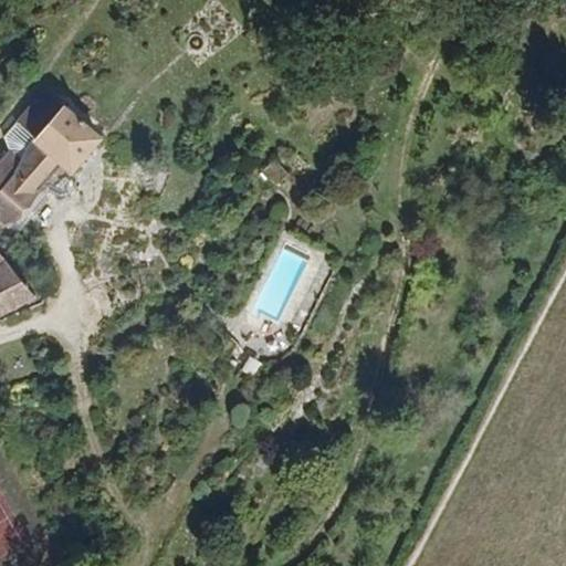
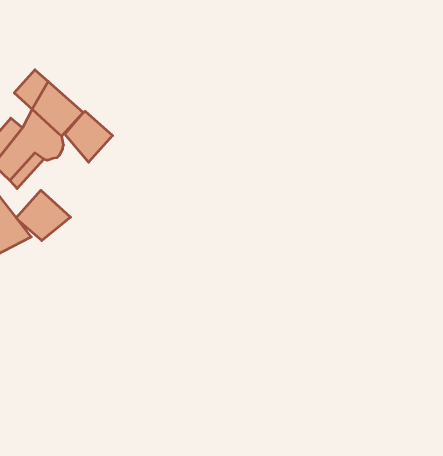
building: none -> [65,111,113,162]
building: none -> [16,190,71,241]

